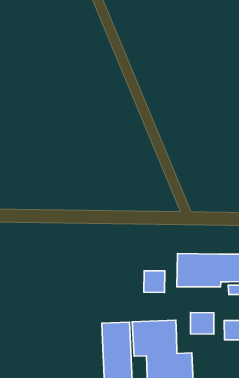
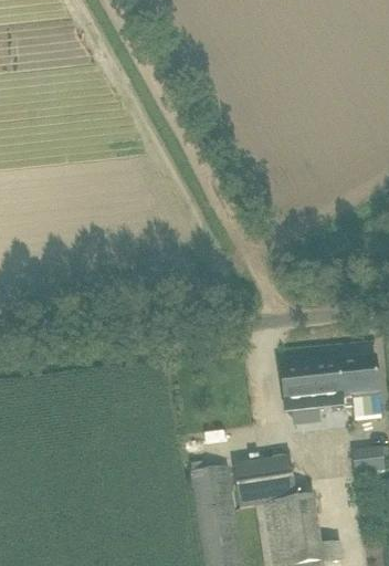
building: [144,271,165,292] -> none
building: [191,313,214,334] -> none

